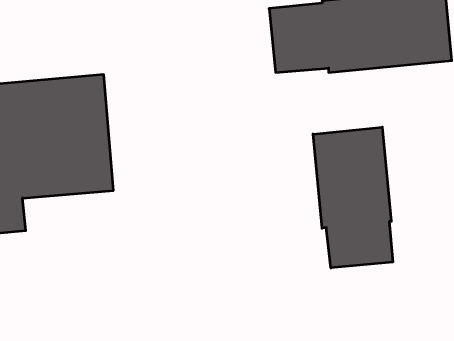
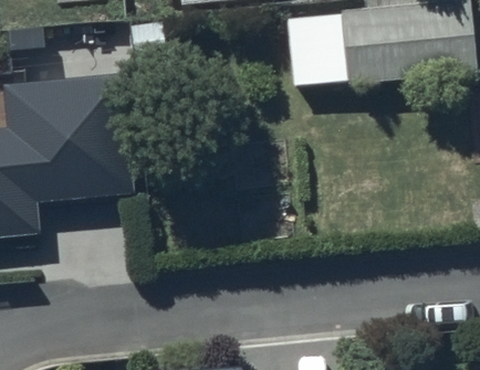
building: [313,127,393,268] -> none

